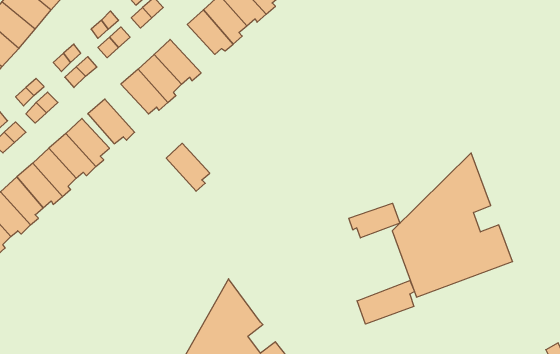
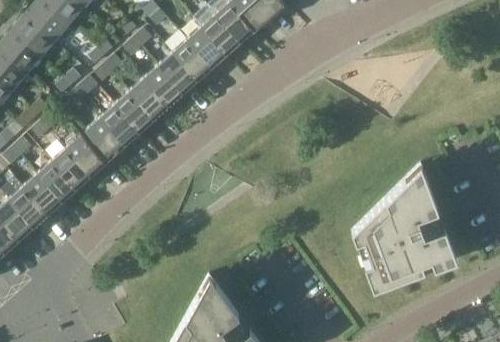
building: none -> [158,51,197,93]
building: [166,143,210,191] -> [101,103,139,145]
building: [349,203,400,238] -> none
building: [357,281,414,324] -> none

